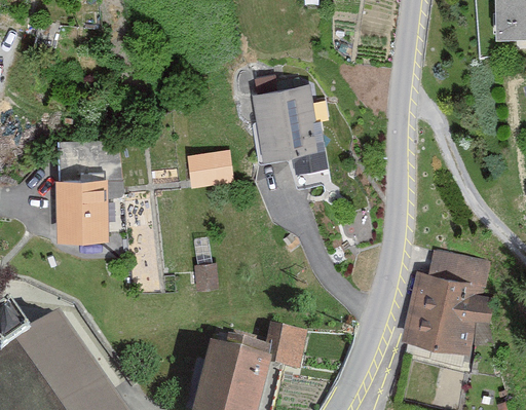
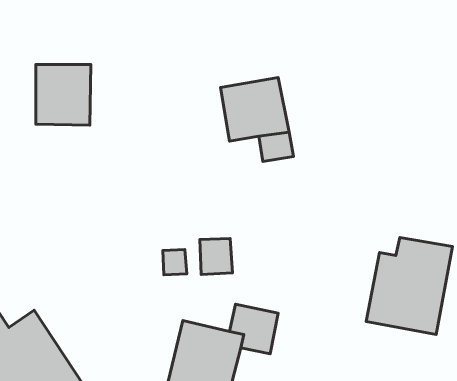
building: [191,151,233,182] -> none
building: [57,171,112,232] -> [36,65,91,125]
building: none -> [200,238,233,274]

